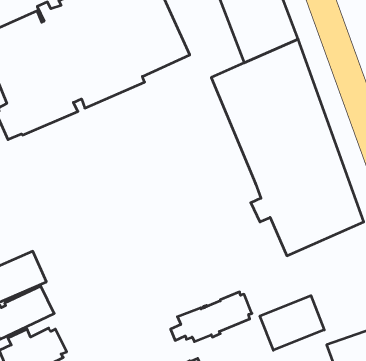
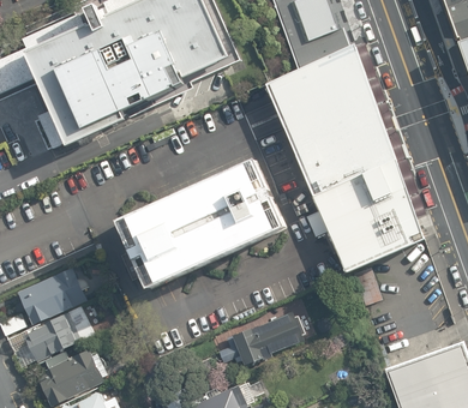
building: none -> [108,155,280,288]
building: [260,296,324,350] -> none

